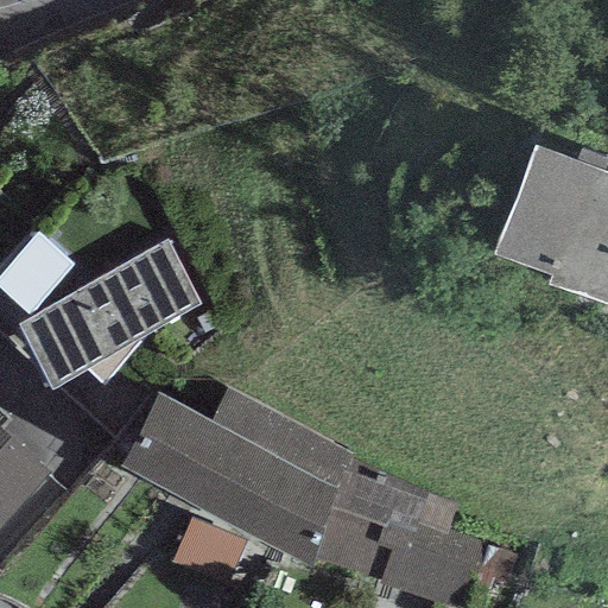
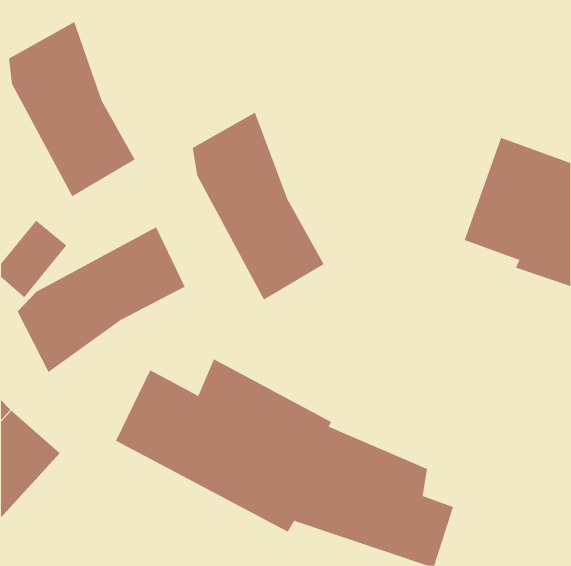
building: none -> [8,21,136,197]
building: none -> [192,112,324,301]

